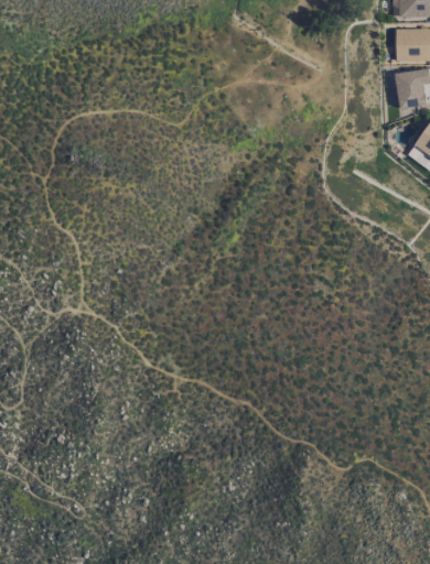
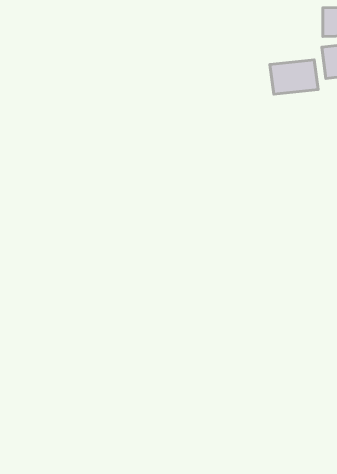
building: none -> [270,60,318,94]

